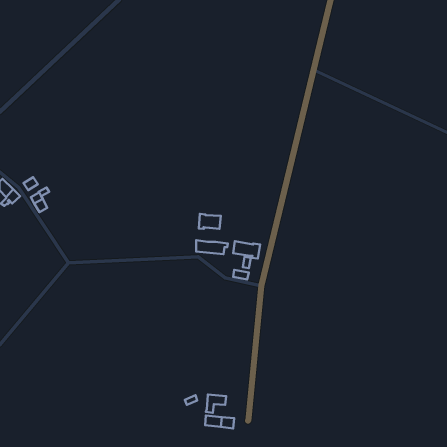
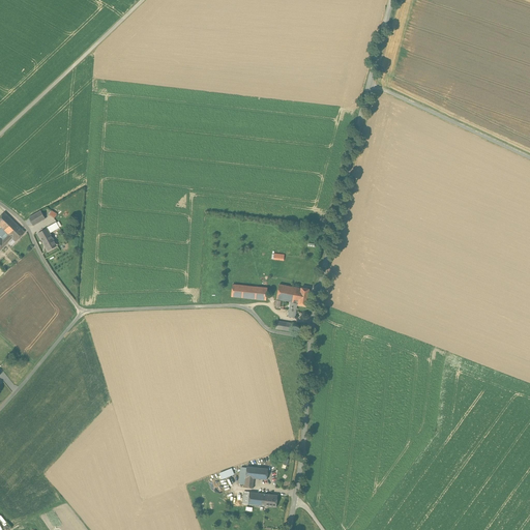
building: [199,214,221,229] -> none

